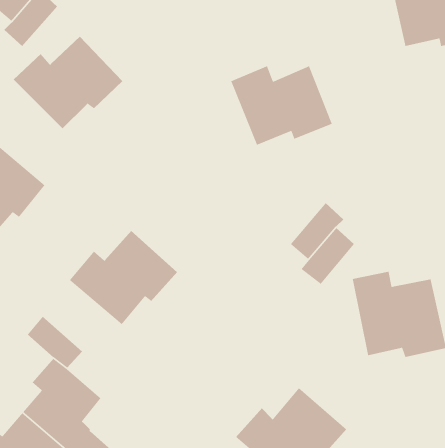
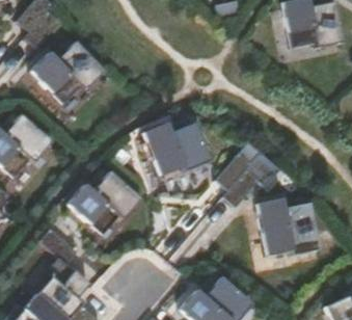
building: [230,65,333,146] -> [141,122,210,176]

